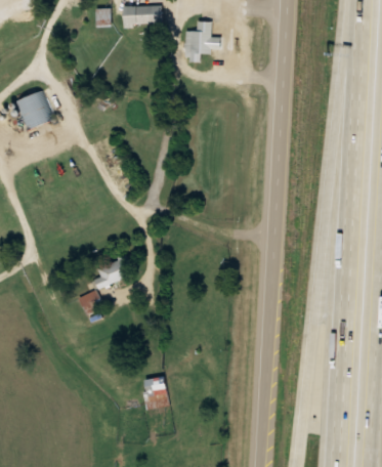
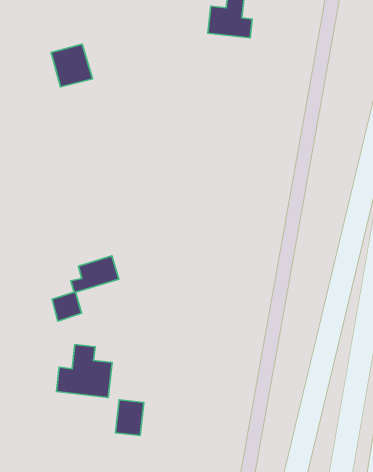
building: [14,91,52,130] -> [51,44,92,87]
building: none -> [57,344,112,398]

